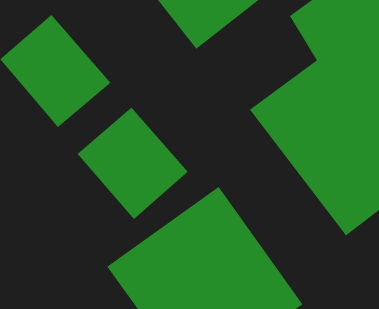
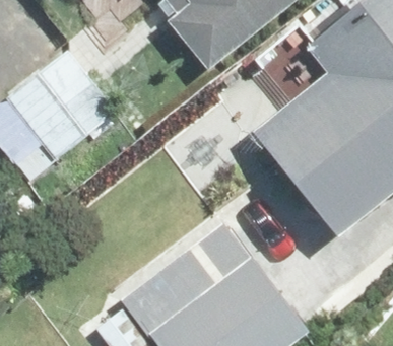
building: [77,107,189,220] -> none

